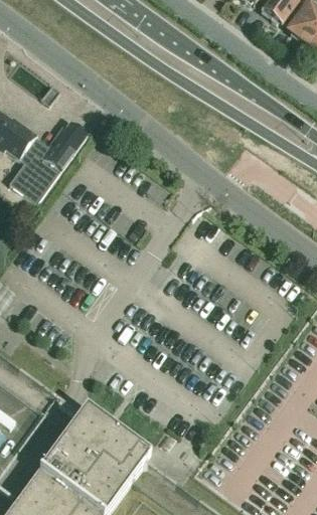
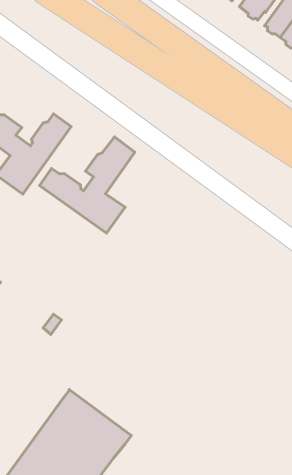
building: none -> [40,137,135,233]

